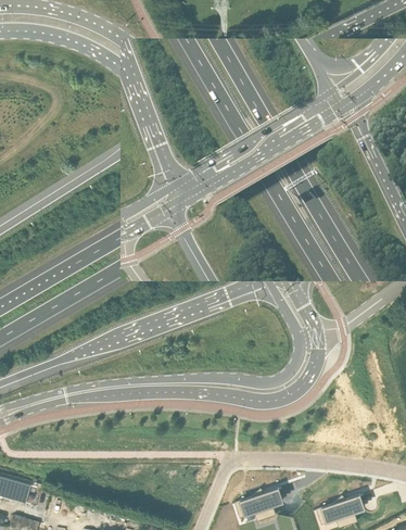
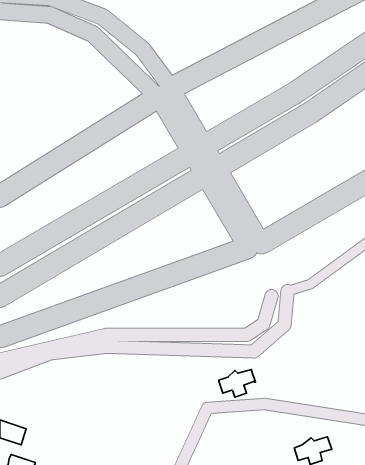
building: [242,489,282,519] -> [219,369,256,397]

